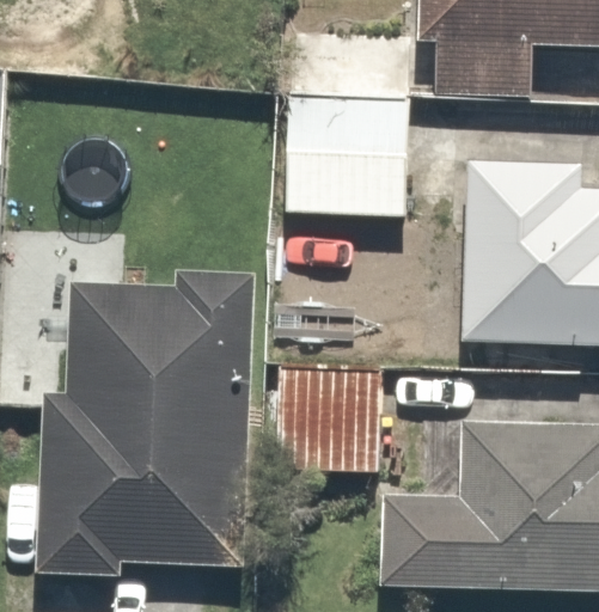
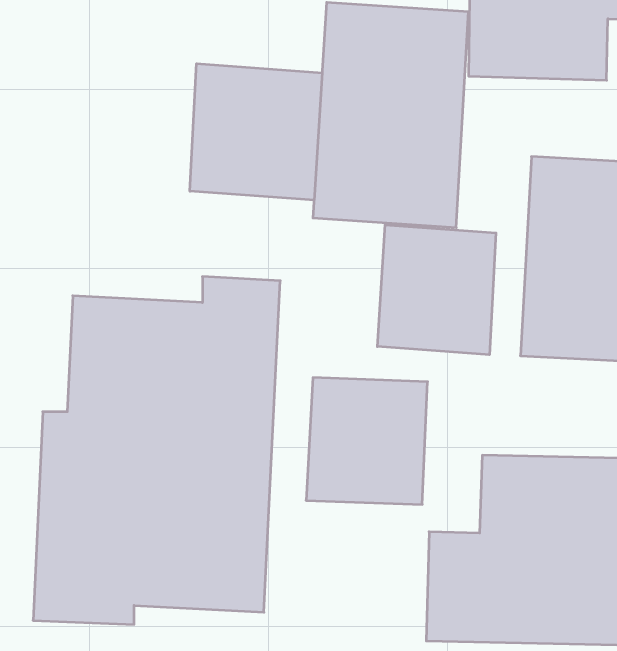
building: none -> [190,64,322,200]
building: none -> [377,225,496,355]

